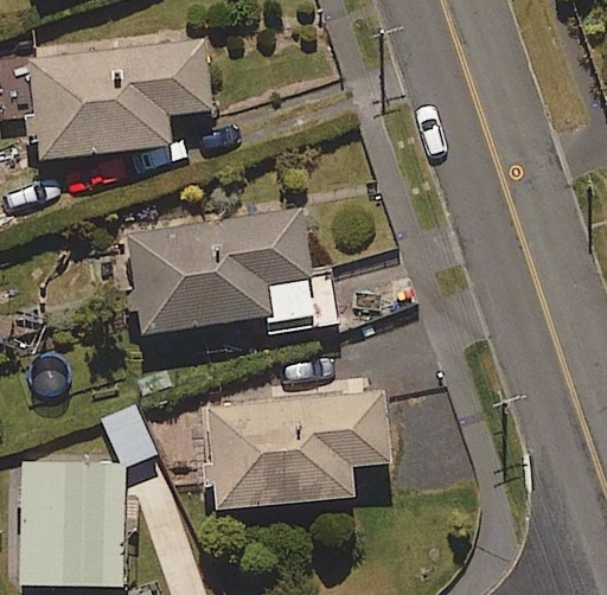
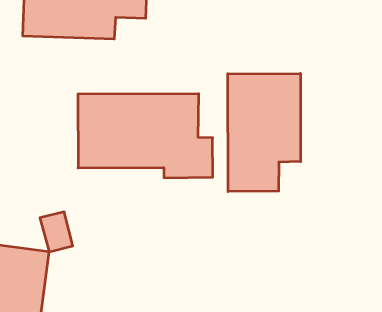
building: none -> [228,73,301,192]
building: [203,390,389,511] -> none

